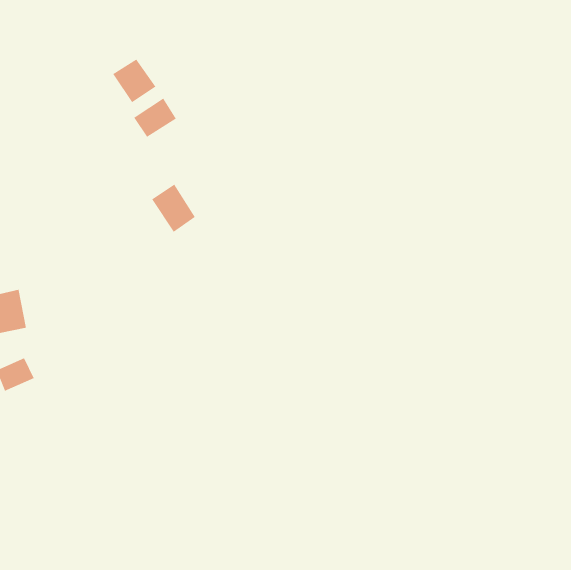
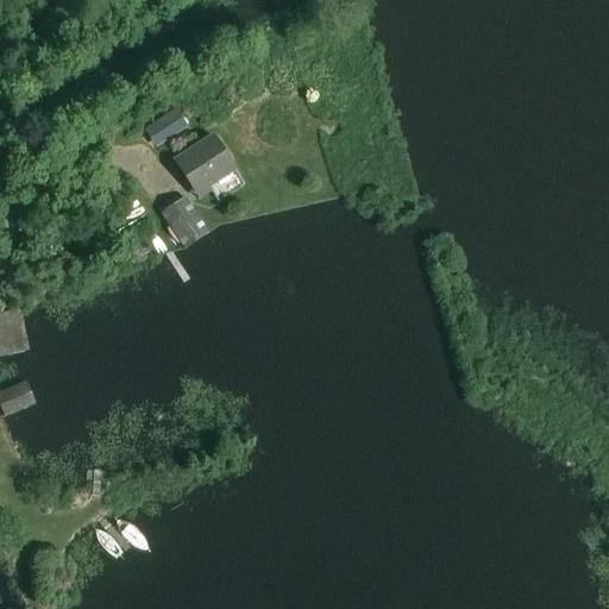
building: [112,58,156,103] -> none
building: none -> [175,131,237,196]

